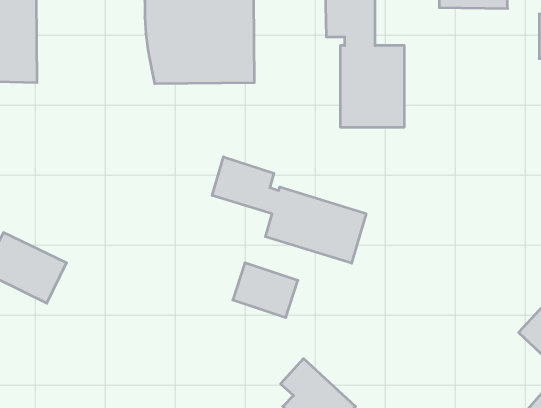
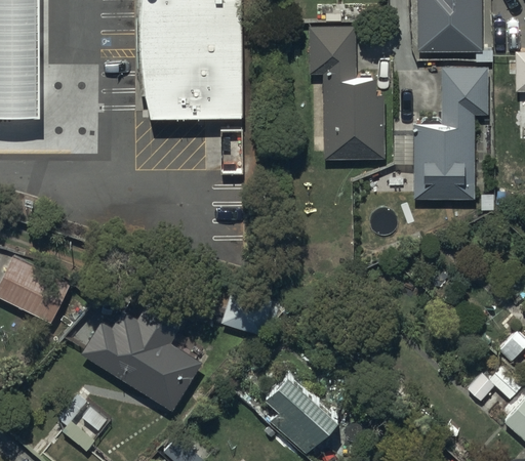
building: none -> [411,70,486,202]
building: [212,157,366,263] -> none
building: none -> [80,298,204,410]

